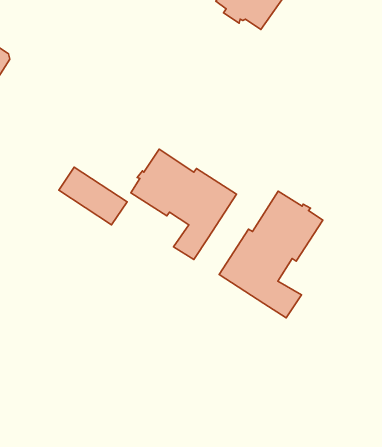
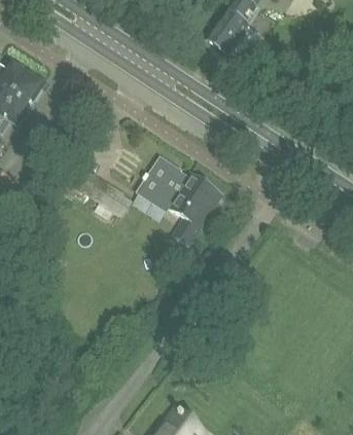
building: [219,191,323,318] -> none

